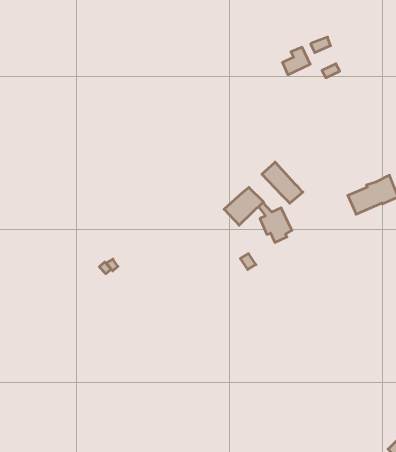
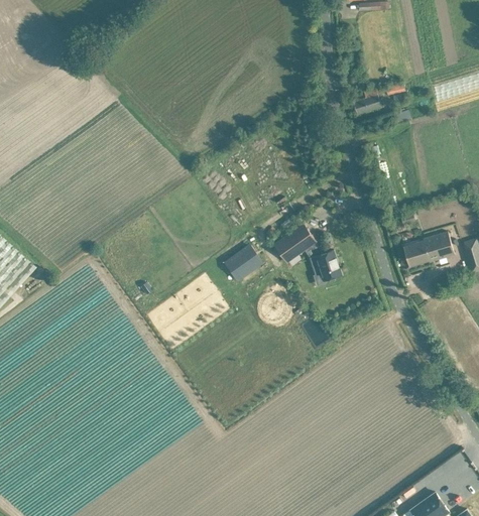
building: [262,162,303,203] -> none
building: none -> [219,246,256,279]

